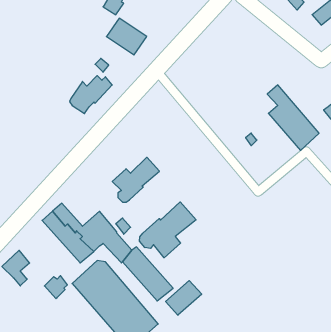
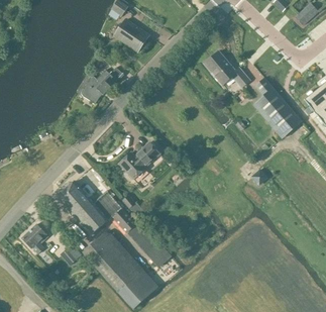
building: none -> [205,50,250,87]
building: [140,202,196,258] -> none
building: [166,281,202,315] -> none

